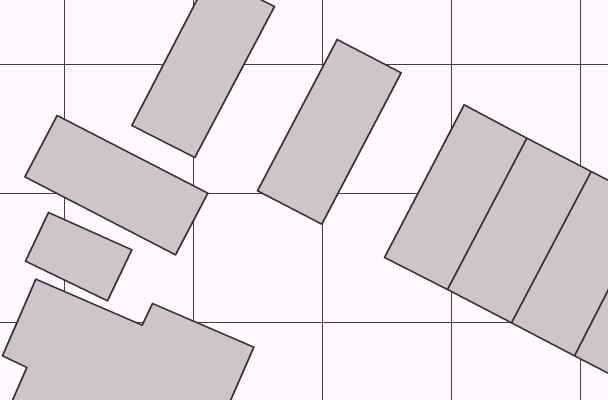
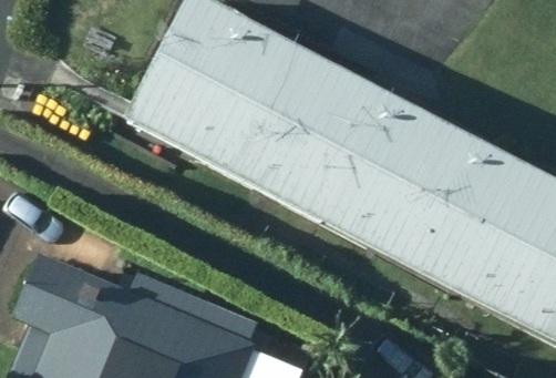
building: none -> [179,17,302,176]
building: none -> [289,74,412,234]
building: [25,115,208,255] -> none

